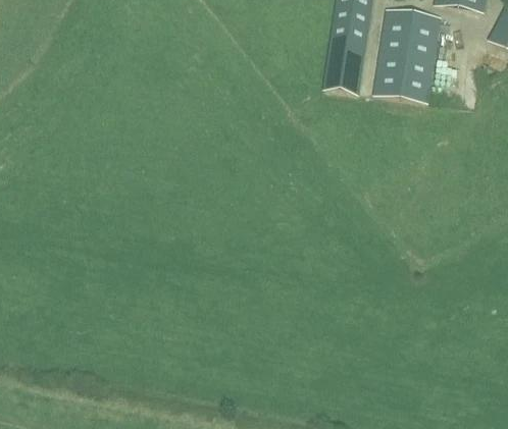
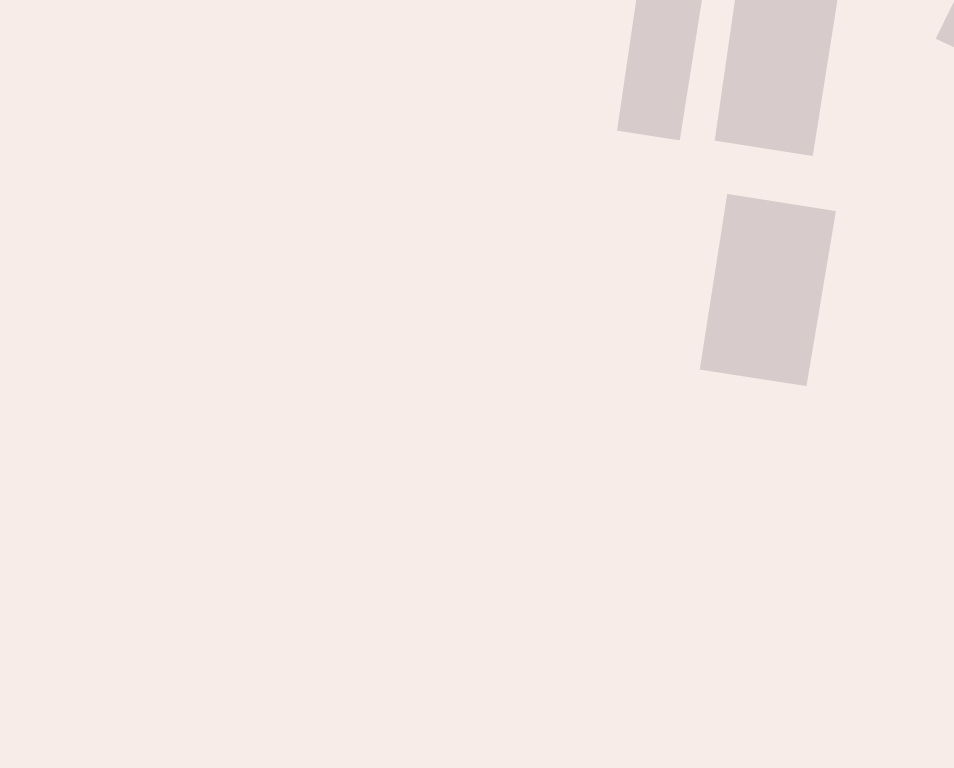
building: none -> [699,193,837,387]

